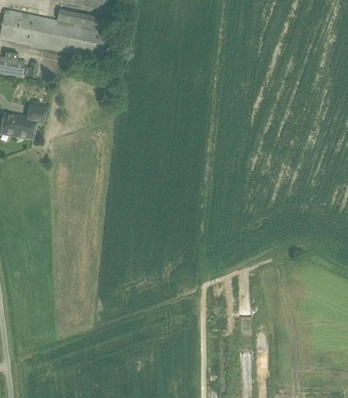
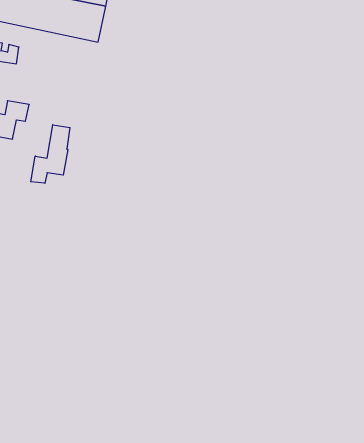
building: none -> [31,125,70,183]

